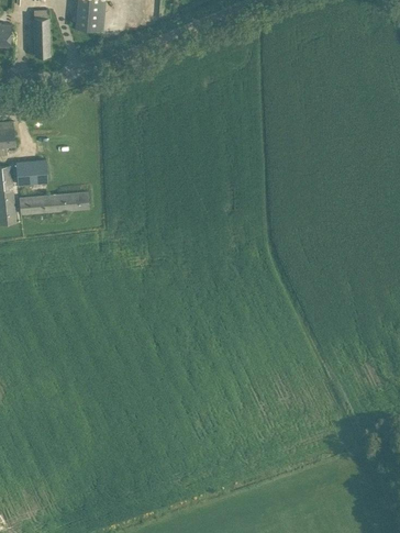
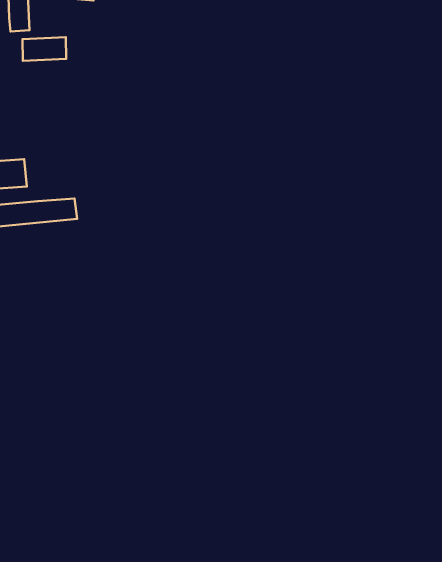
building: none -> [23,37,66,61]

